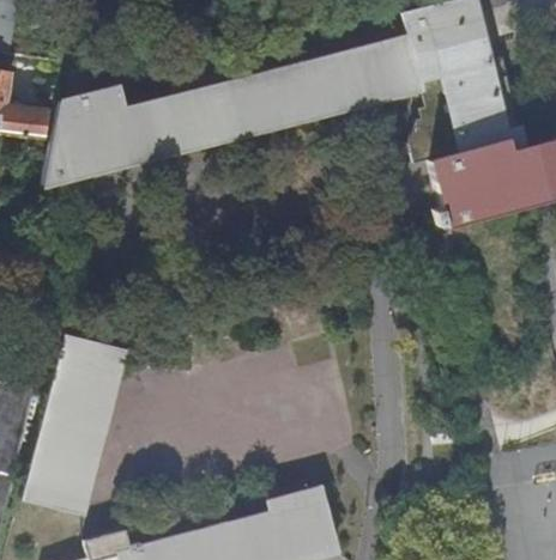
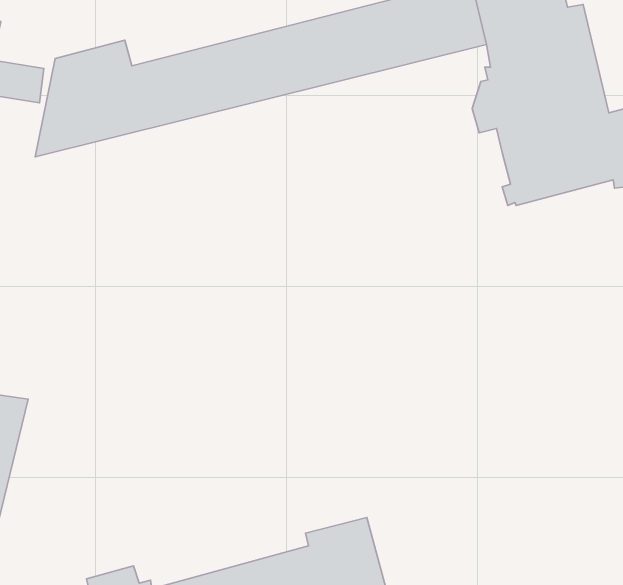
building: [20,335,125,511] -> none

